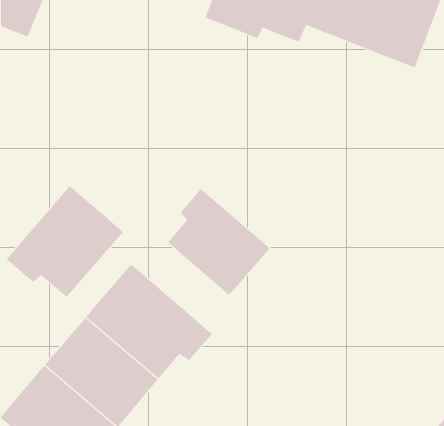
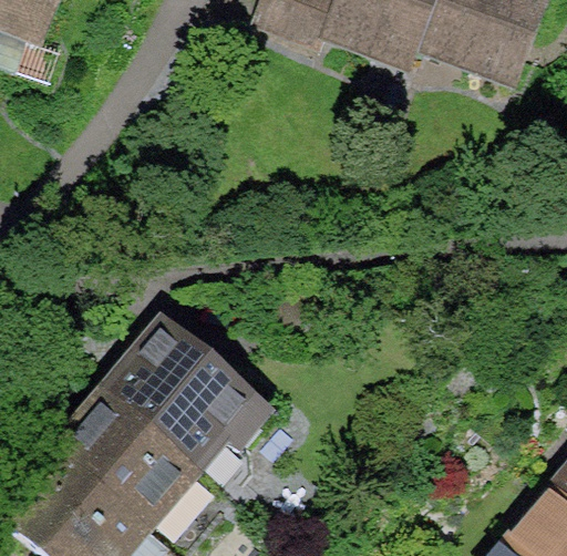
building: [6,185,124,298] -> none
building: [167,188,270,296] -> none

